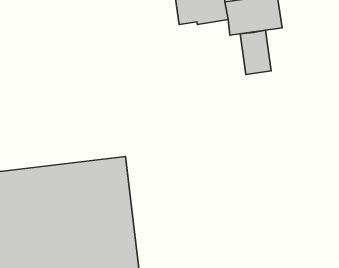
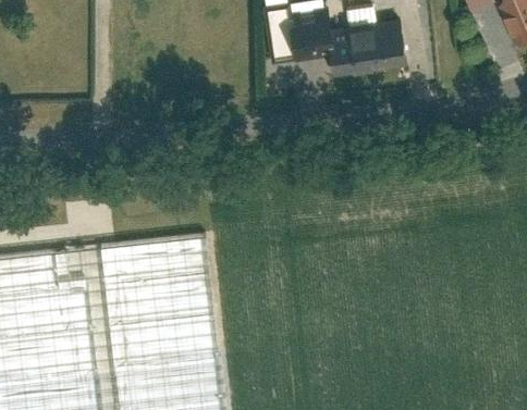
building: [240,30,271,74] -> none

